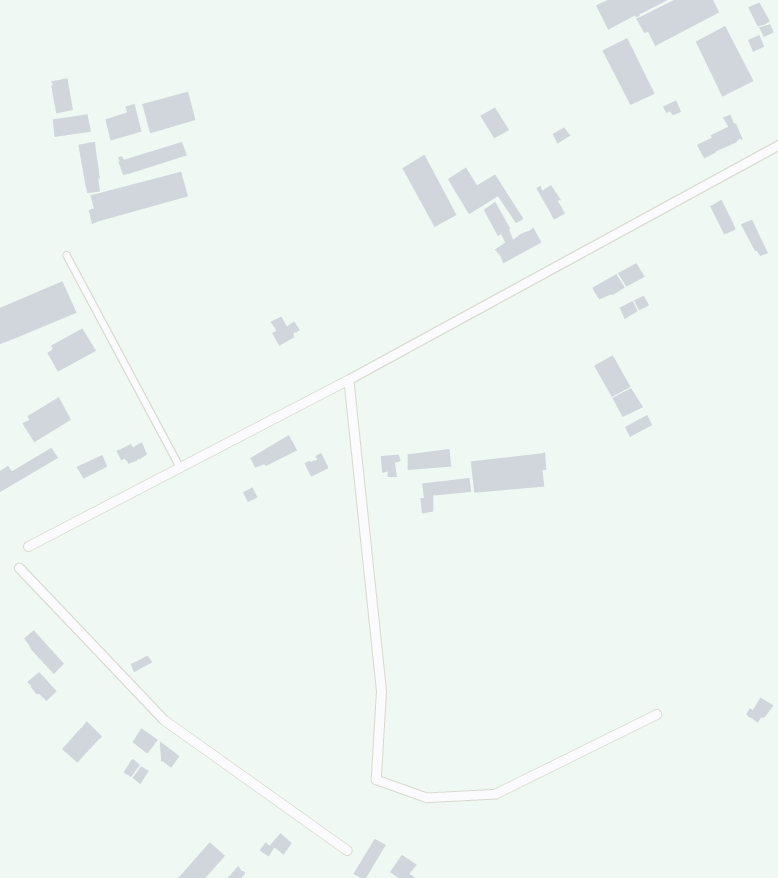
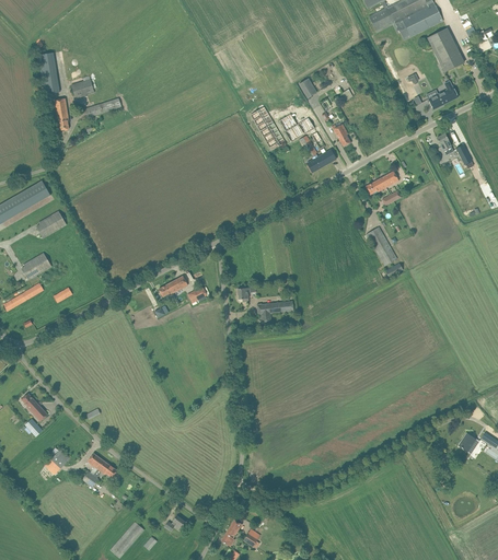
building: [601,37,655,106] -> none
building: [141,91,196,134] -> none
building: [88,171,189,225] -> none
building: [470,452,547,493] -> none

